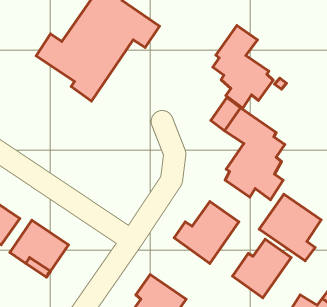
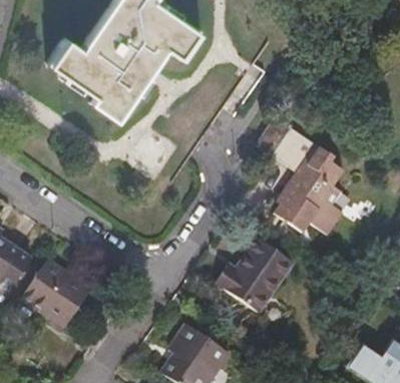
building: [213,25,273,108] -> none
building: [259,194,321,261] -> none
building: [232,239,291,298] -> none

